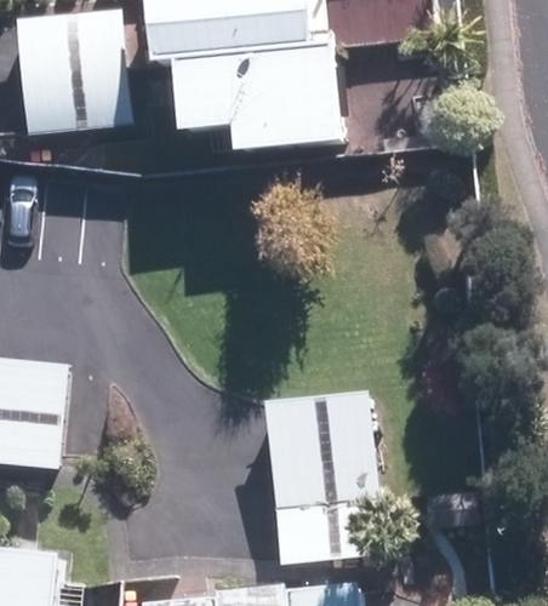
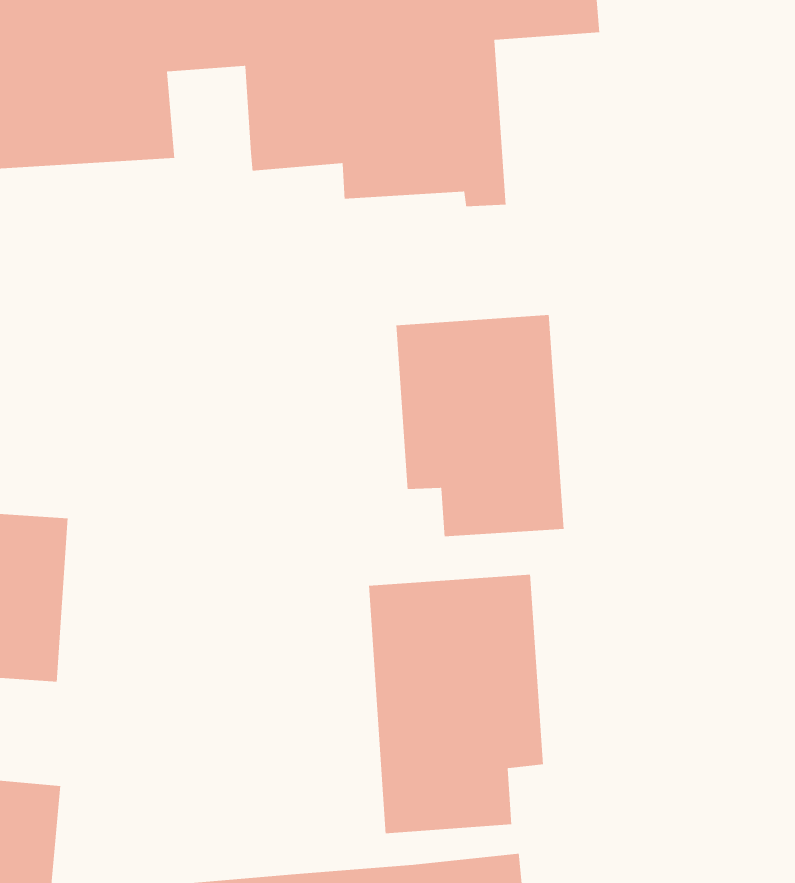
building: none -> [395,314,564,537]

